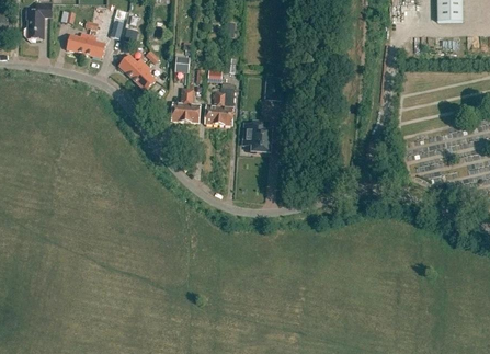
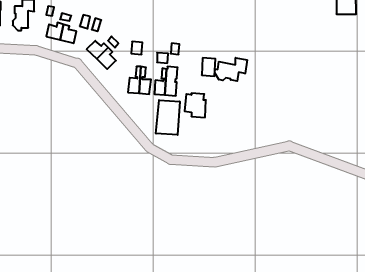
building: none -> [215,58,247,81]
building: none -> [156,100,180,135]

